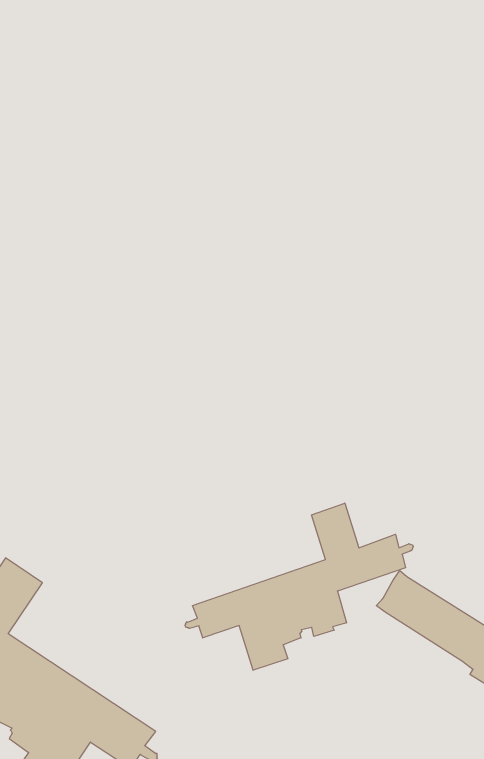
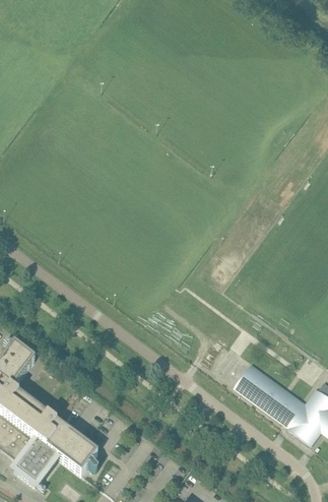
building: [185,503,413,670] -> none

